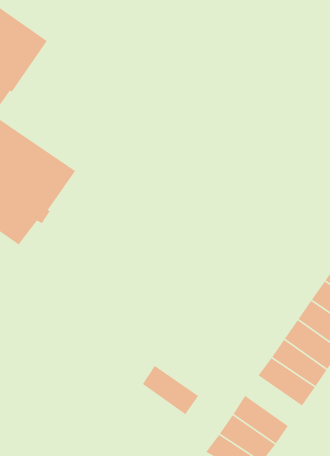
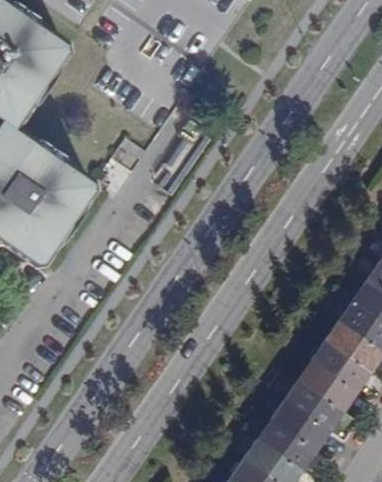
building: [142,365,199,415] -> [271,398,330,450]

